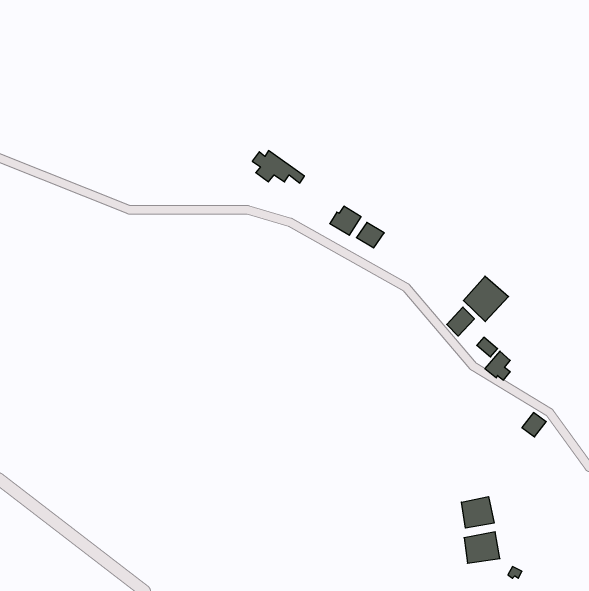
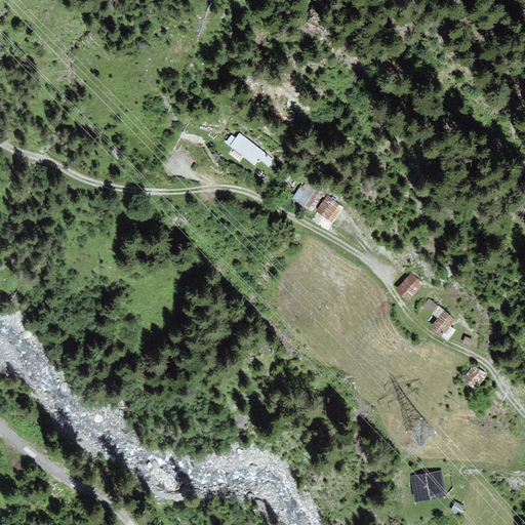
building: [463,276,509,322] -> none
building: [461,497,494,528] -> none

